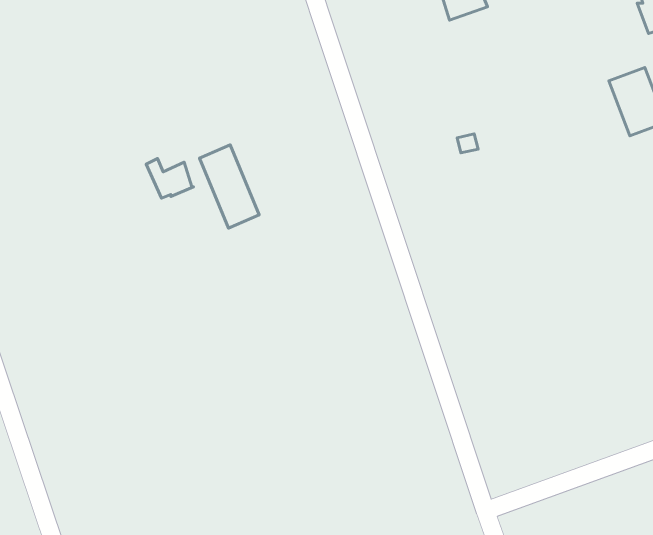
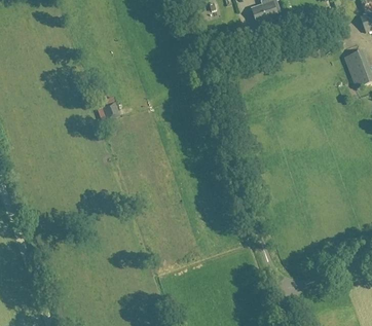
building: [199,145,259,228] -> none

